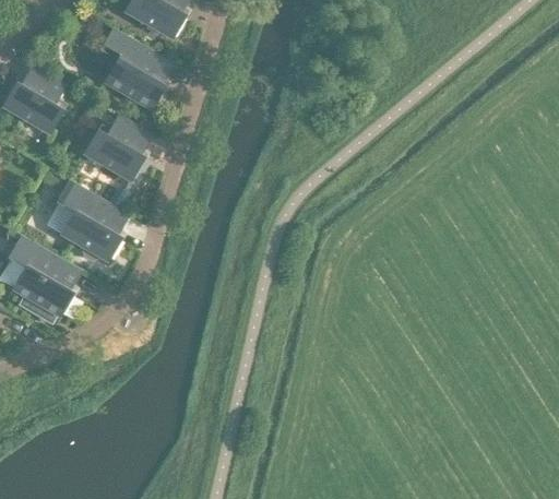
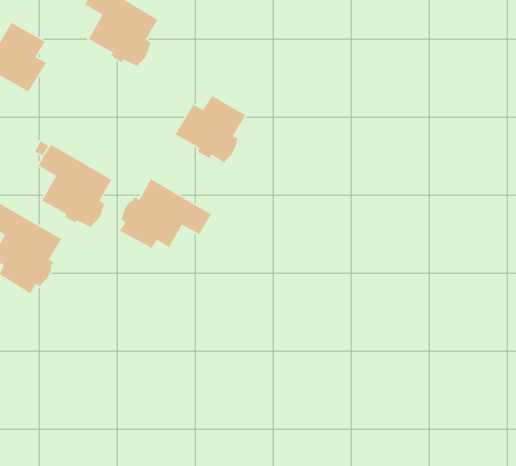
building: [84,116,152,180] -> [175,95,247,164]
building: none -> [119,178,212,249]

